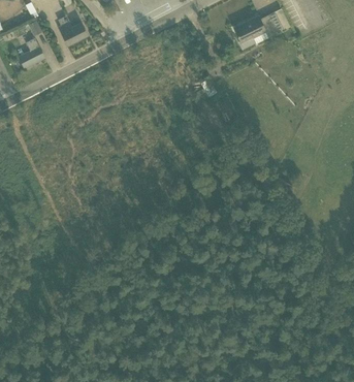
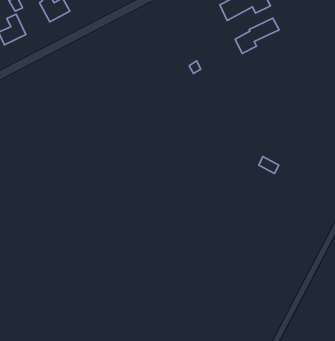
building: none -> [235,18,279,53]

